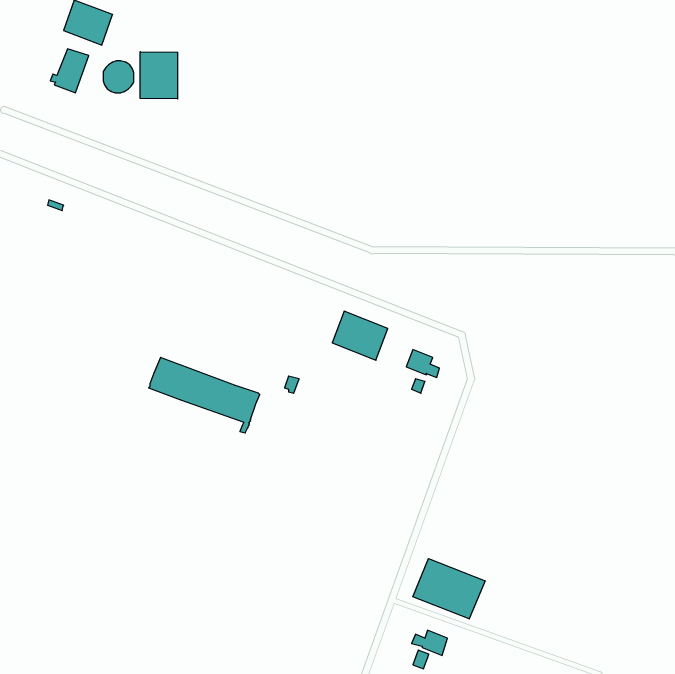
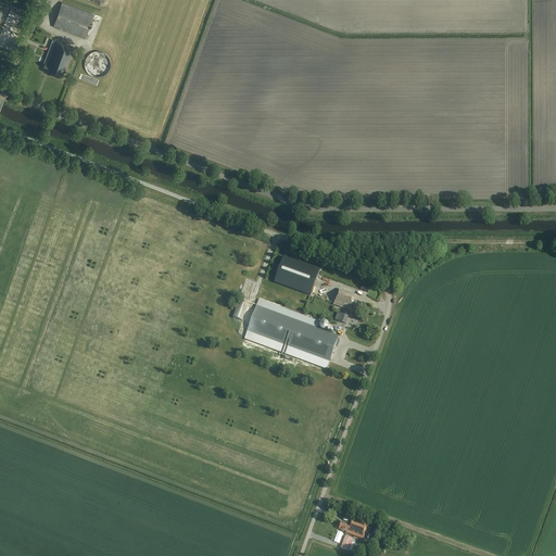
building: [140,52,178,99] -> none
building: [149,357,260,433] -> [247,304,338,366]
building: [413,559,485,619] -> none

